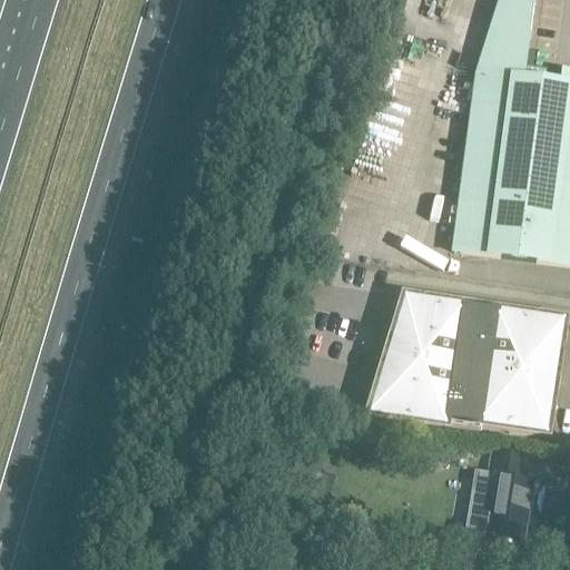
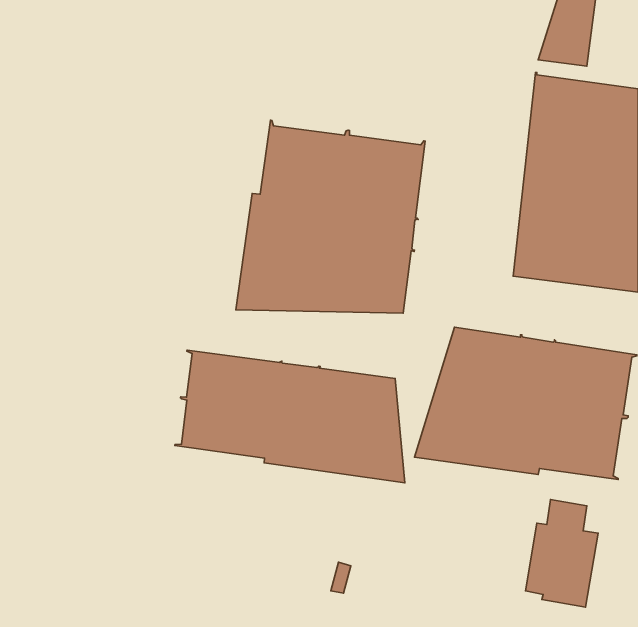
building: none -> [236,120,425,313]
building: none -> [175,350,405,483]

